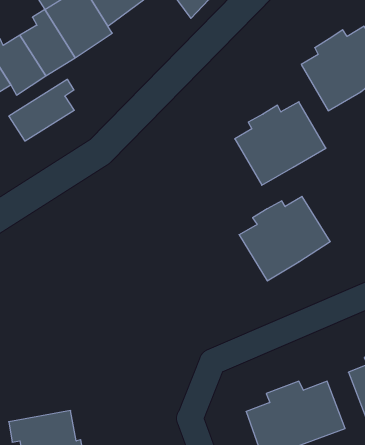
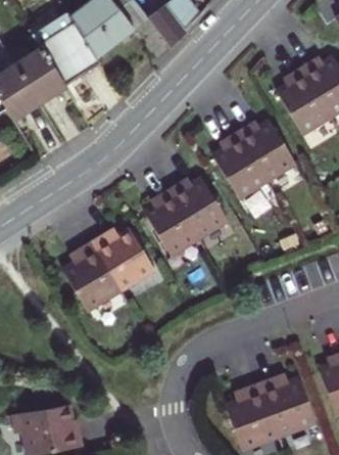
building: [9,79,74,141] -> none
building: [239,196,330,281] -> [144,179,227,256]
building: none -> [62,231,154,312]

